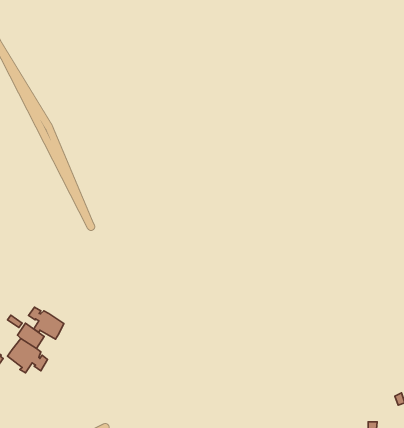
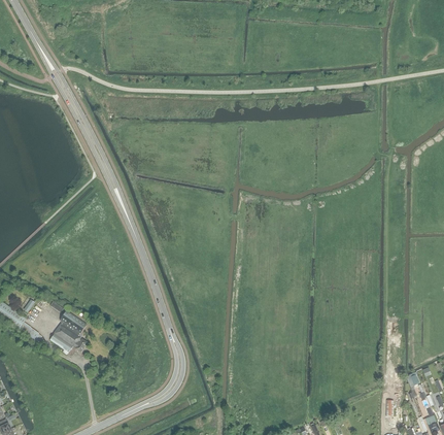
building: [29,307,64,339] -> none

